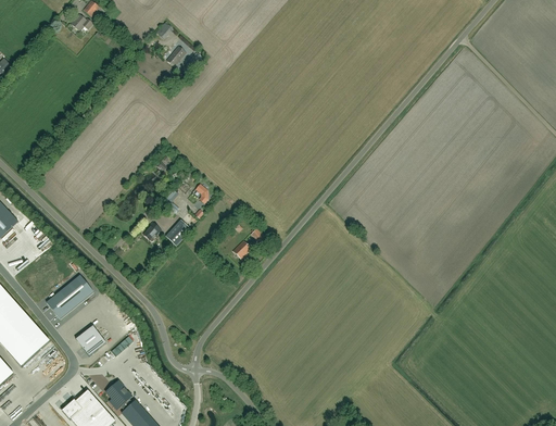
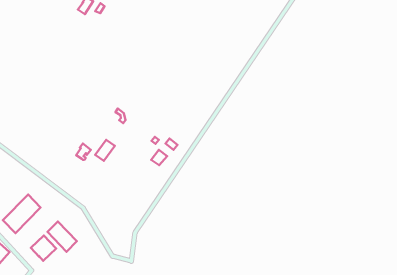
building: none -> [47,221,77,252]

